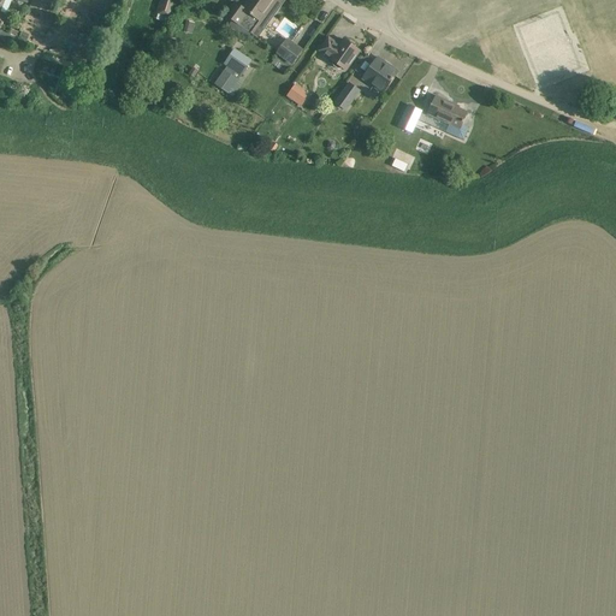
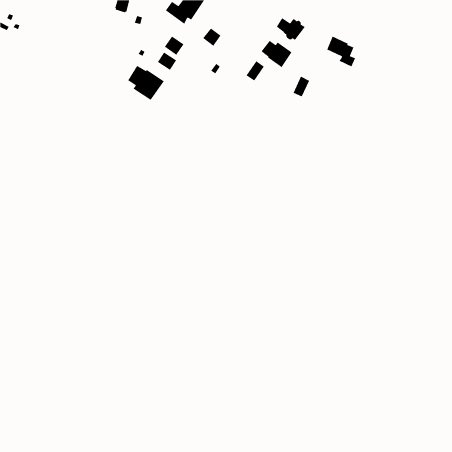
building: [319,37,360,70] -> [276,17,306,41]
building: none -> [127,65,165,101]
building: [427,96,468,140] -> [326,36,356,67]

